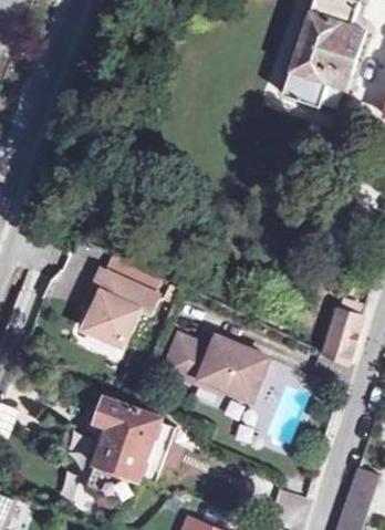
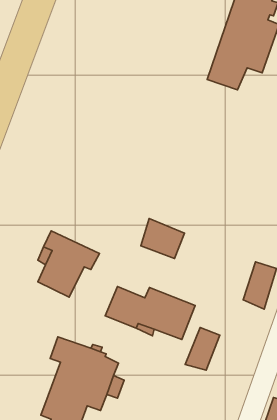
building: none -> [141,219,184,259]
building: none -> [185,327,220,370]

